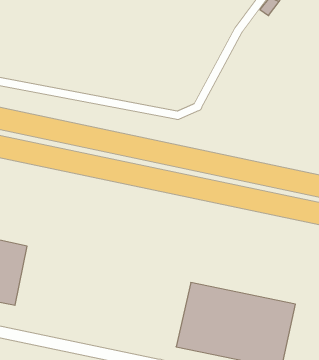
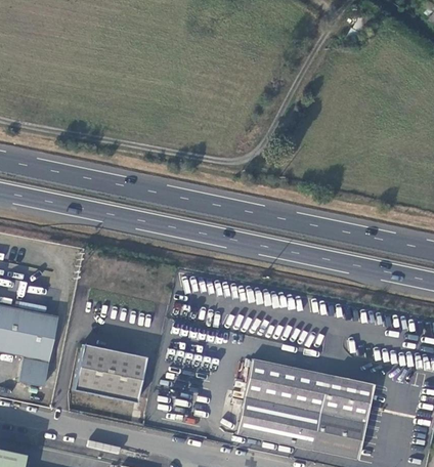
building: none -> [73,343,146,402]

